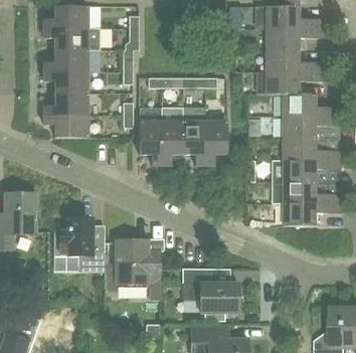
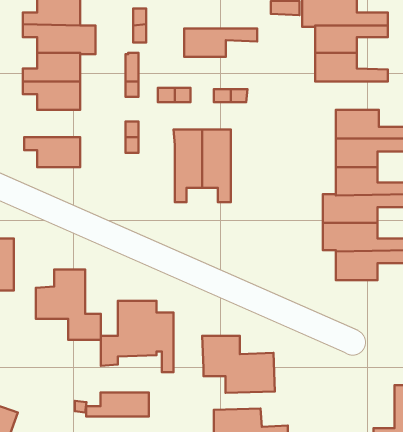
building: [269,71,325,94] -> [184,28,257,57]
building: [43,94,86,115] -> none
building: [203,120,225,165] -> none
building: [138,121,160,165] -> none
building: none -> [86,392,149,416]

